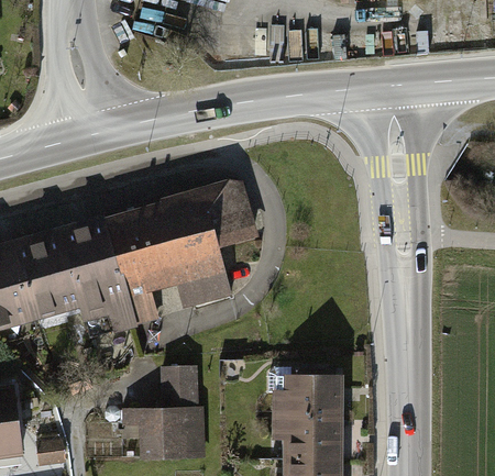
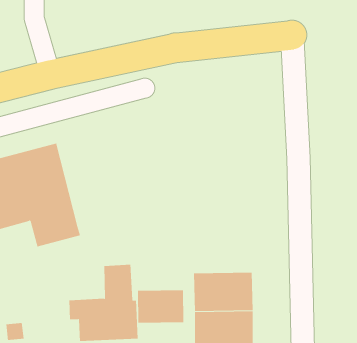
building: [105,181,252,318] -> none
building: none -> [138,289,184,324]

